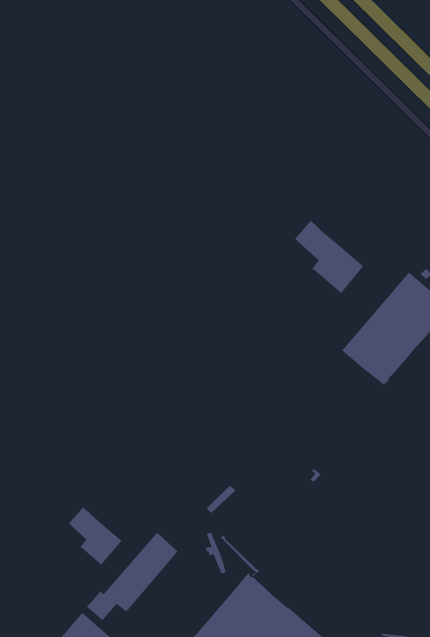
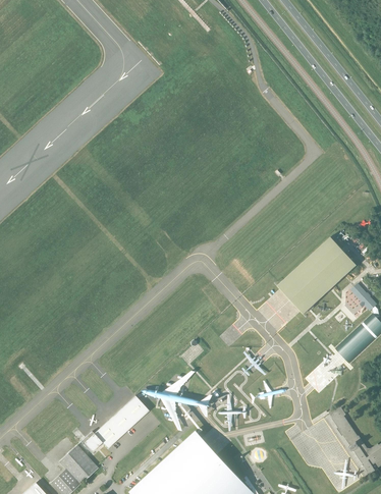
building: [294,220,364,294] -> none
building: [68,506,122,566] -> none

